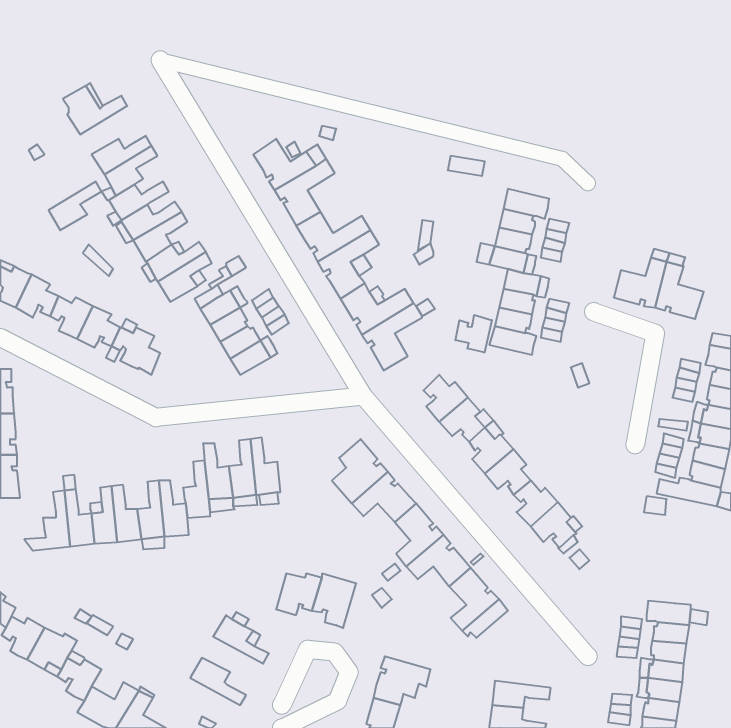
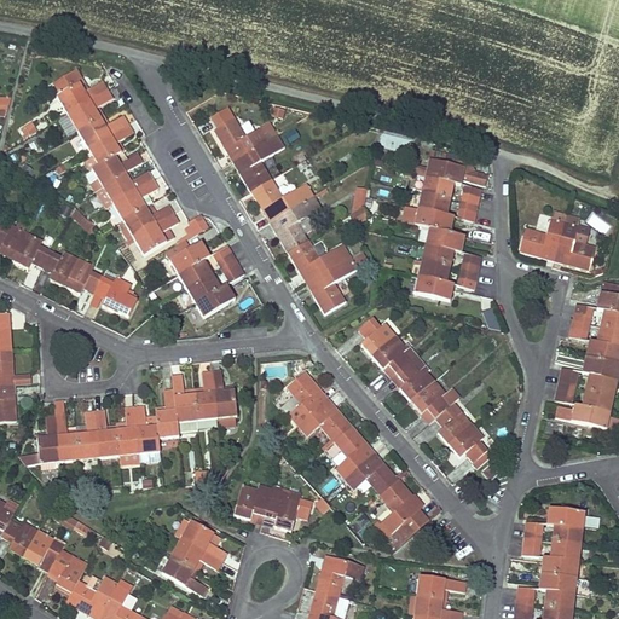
building: [49,182,102,230] -> [68,89,112,131]
building: [455,315,492,353] -> none
building: none -> [170,538,222,569]

